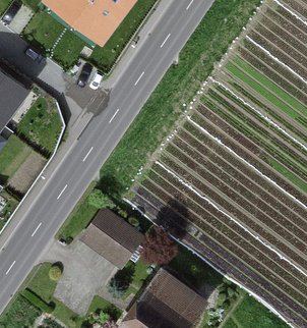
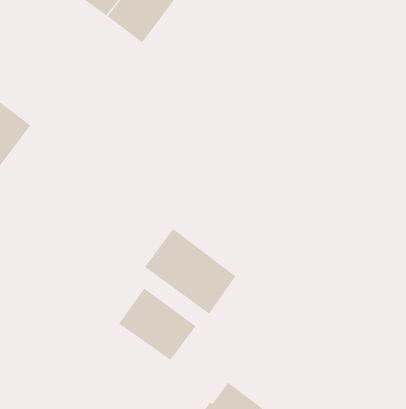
building: none -> [144,228,236,314]

